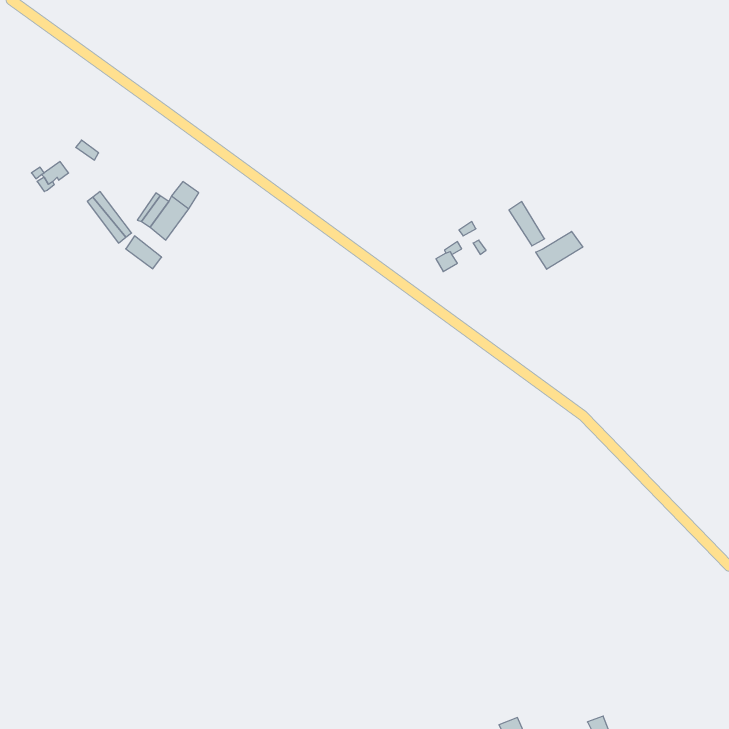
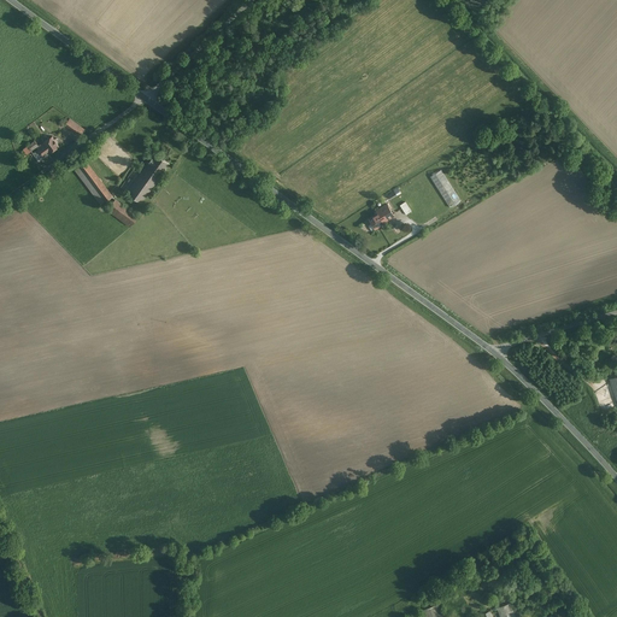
building: [536,231,583,269] -> none

